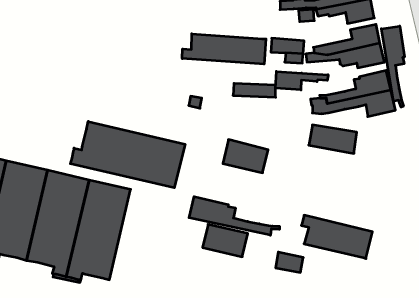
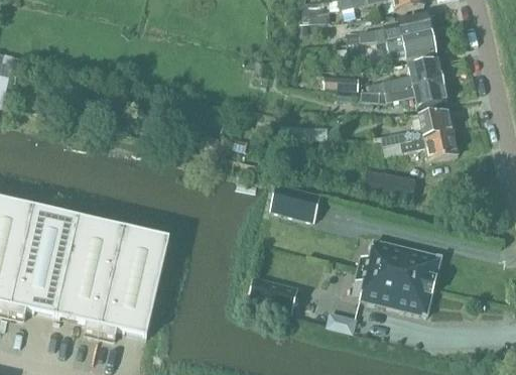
building: [381,26,404,107] -> none
building: [182,34,266,64] -> none
building: [276,71,328,90] -> none
building: [70,121,185,188] -> none
building: none -> [359,240,440,285]
building: [189,197,279,235] -> none

